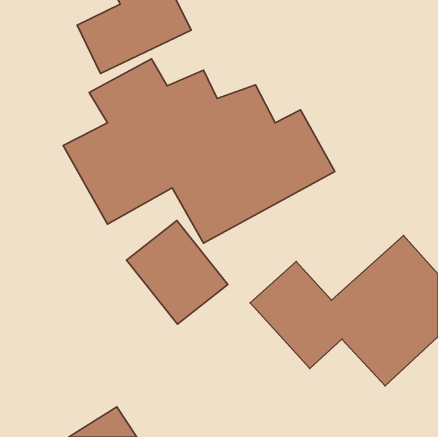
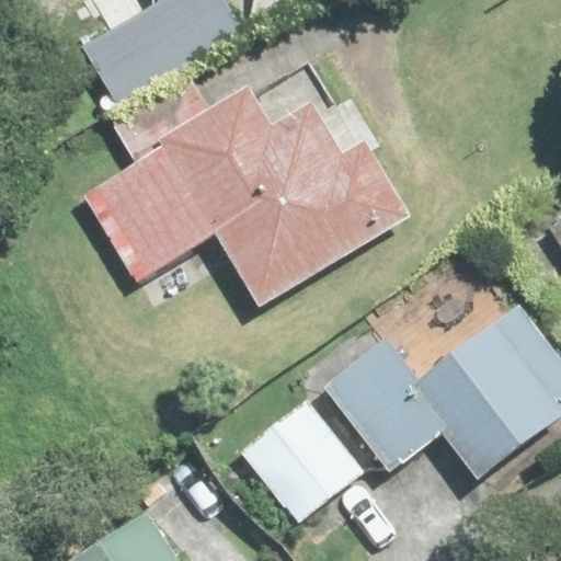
building: [126,220,228,324] -> [230,389,358,520]

